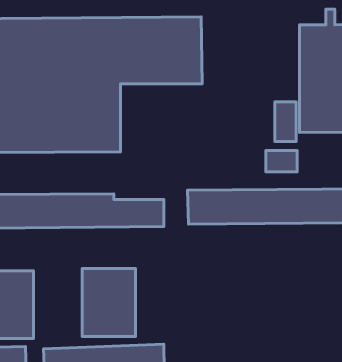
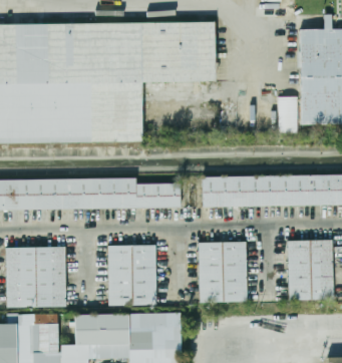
building: [266,150,297,172] -> none
building: none -> [288,240,333,300]
building: none -> [200,242,247,302]

